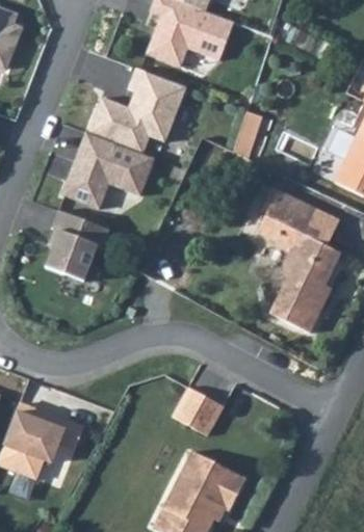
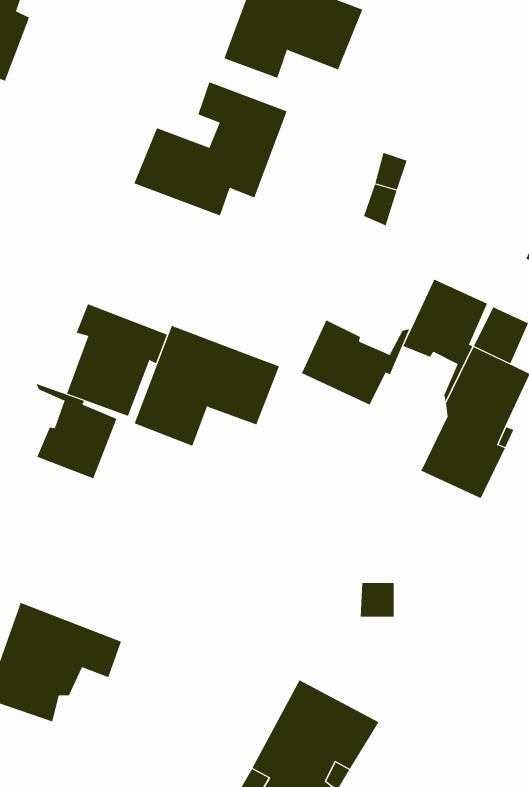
building: [61,134,154,211] -> [134,325,280,446]
building: none -> [301,319,410,405]
building: none -> [35,383,117,479]
building: [172,385,224,433] -> none

